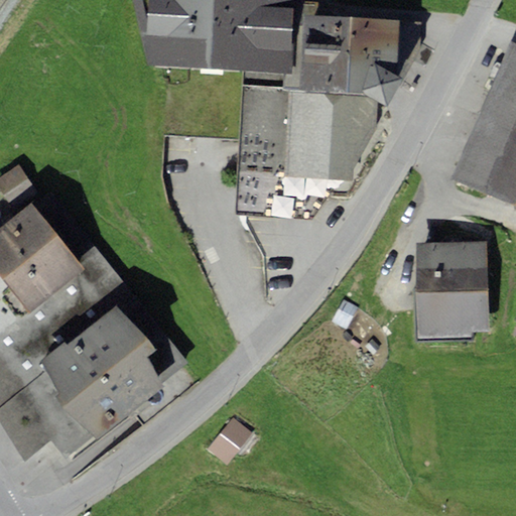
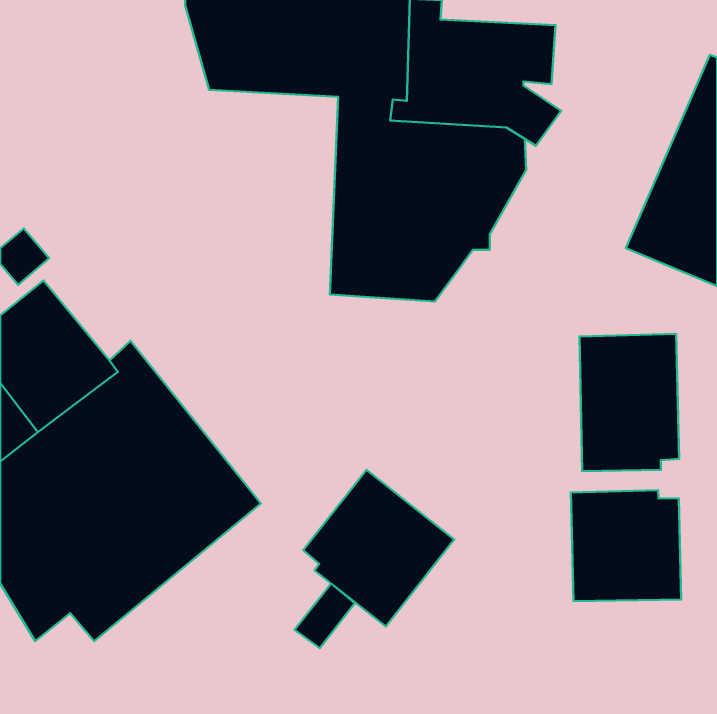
building: none -> [303,470,454,626]
building: none -> [571,490,681,601]

